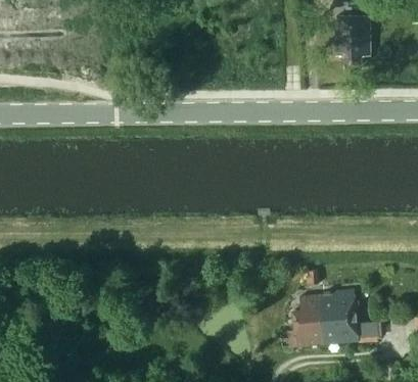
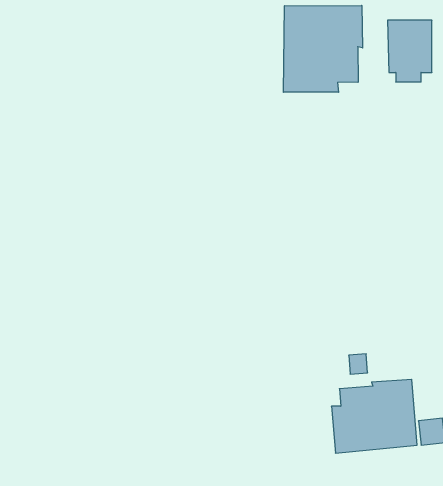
building: none -> [283,5,363,92]

